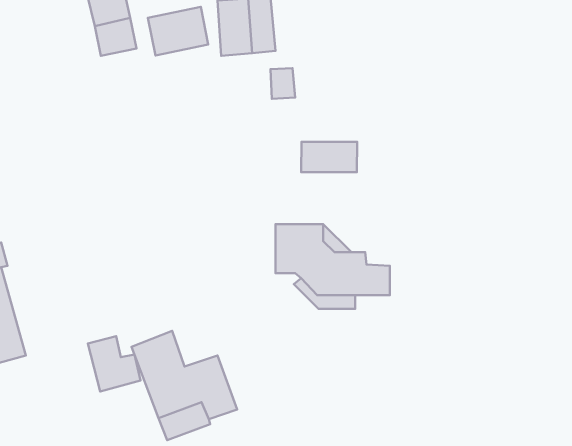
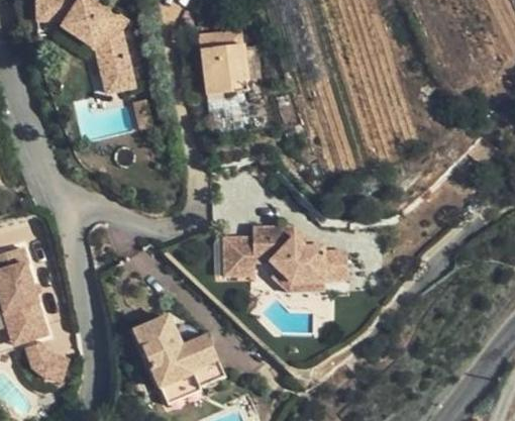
building: [148,7,208,55] -> none
building: [301,142,357,172] -> none
building: none -> [219,236,248,279]
building: [88,336,141,391] -> [27,336,71,382]

